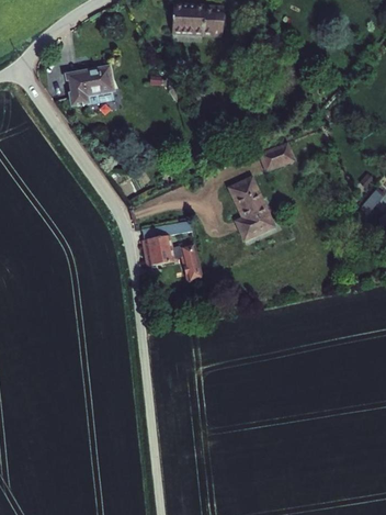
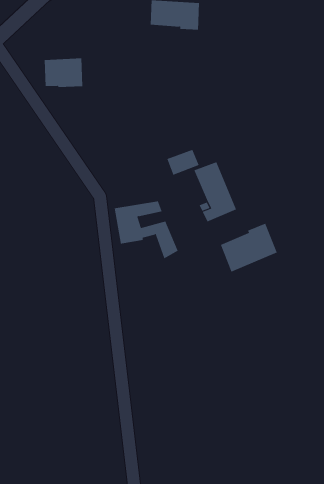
building: [257,143,291,170] -> [166,149,199,176]
building: none -> [220,223,277,272]

